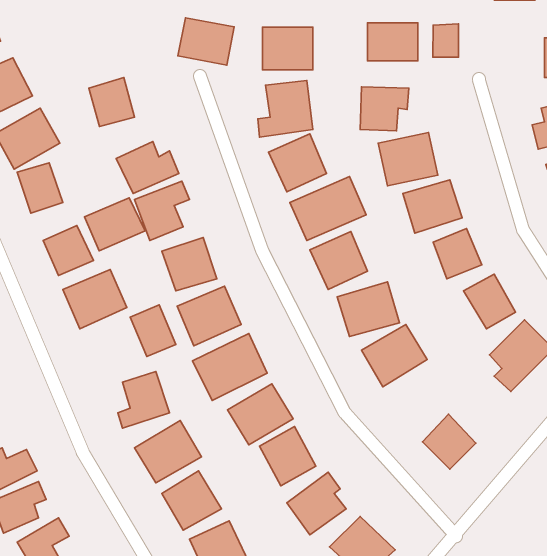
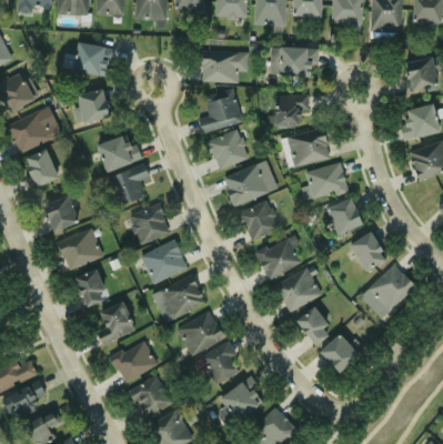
building: [178,18,234,65] -> [72,42,113,77]
building: [433,24,459,57] -> none
building: [84,198,145,251] -> none
building: [130,305,176,357] -> [74,269,108,306]
building: none -> [295,306,332,345]

